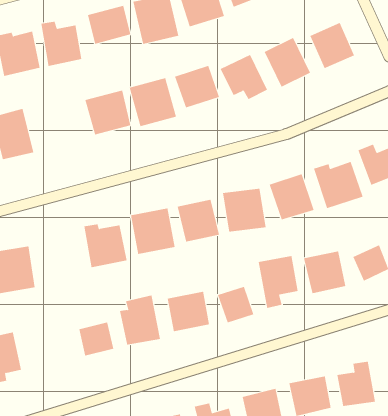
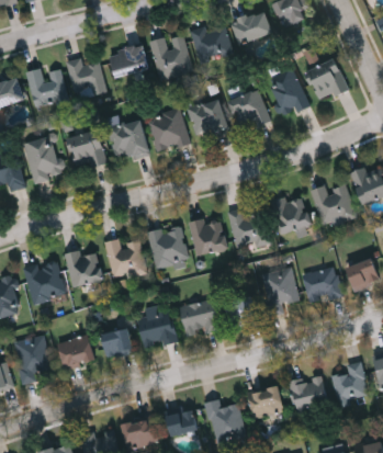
building: none -> [69,132,105,171]
building: none -> [64,250,102,287]
building: none -> [56,333,95,369]

